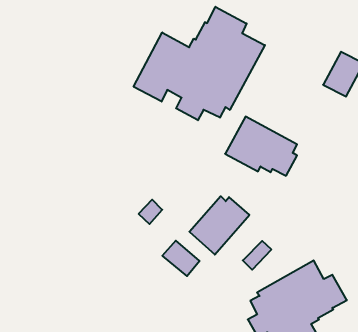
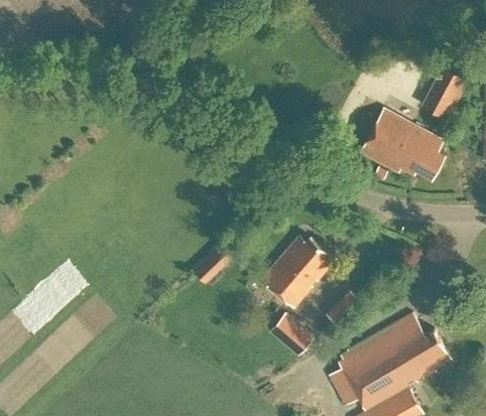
building: [134,7,265,120] -> none
building: [225,117,297,176] -> [359,108,445,178]
building: [162,241,200,276] -> [269,313,314,356]

